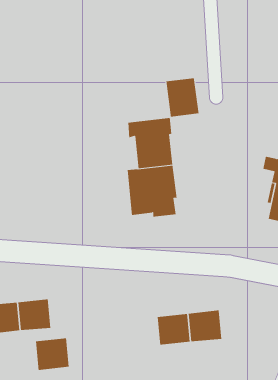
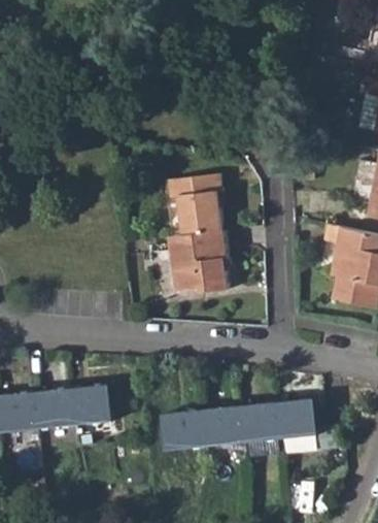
building: [166,77,199,117] -> none
building: none -> [276,400,316,438]
building: none -> [164,412,204,449]
building: [35,338,69,370] -> [71,386,112,425]

